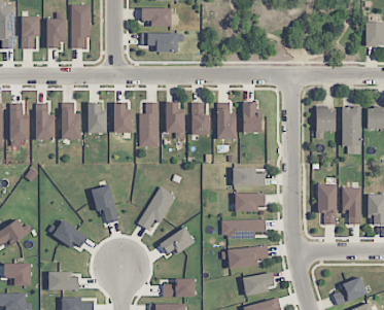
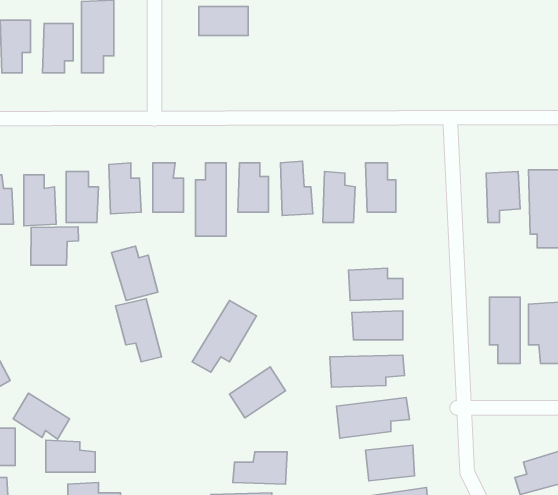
building: [142,32,183,51] -> none
building: none -> [31,227,79,265]
building: none -> [111,246,158,300]
building: [54,219,88,247] -> [13,393,69,439]

